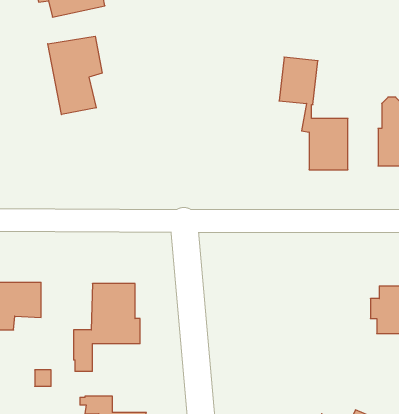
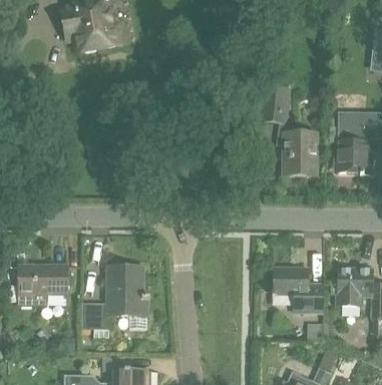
building: [48,36,102,115] -> none
building: none -> [273,267,322,315]

